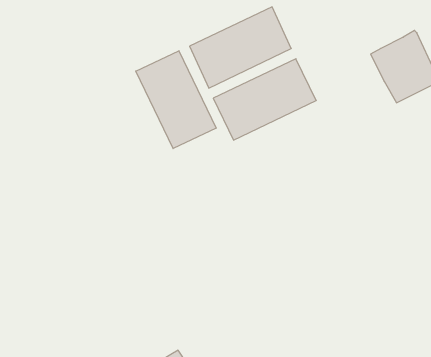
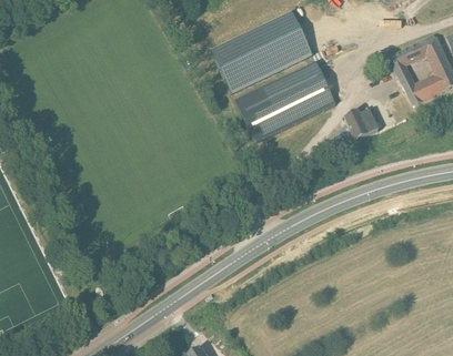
building: [136,51,216,149] -> none
building: none -> [345,105,379,140]

